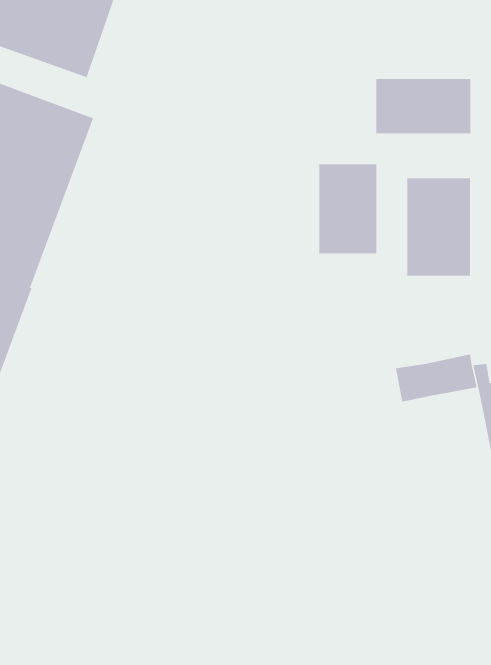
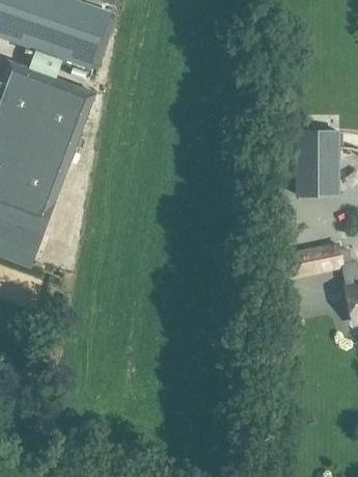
building: [376,78,471,134] -> none
building: [319,163,377,254] -> none

